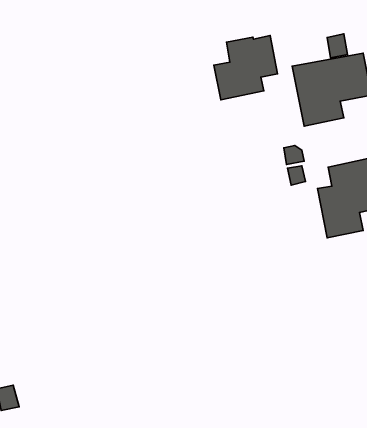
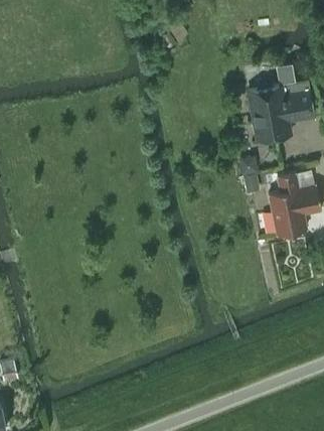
building: [214,36,277,100] -> none

